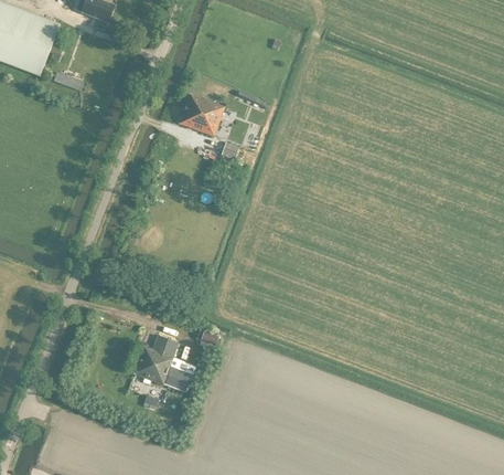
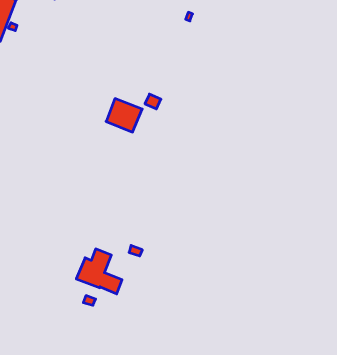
building: [179,94,224,136] -> [106,99,142,132]

